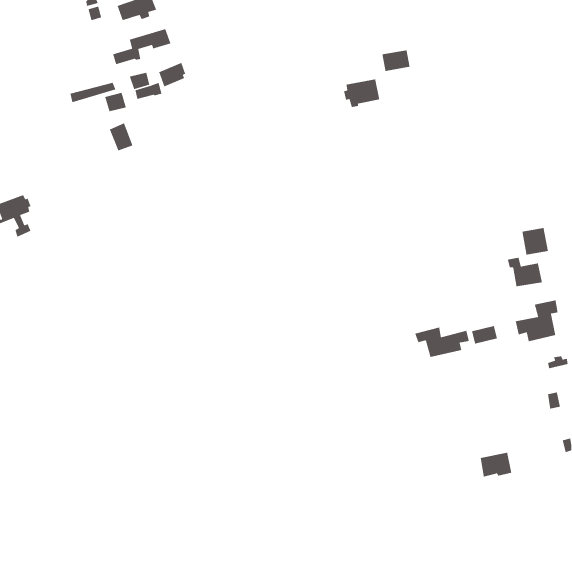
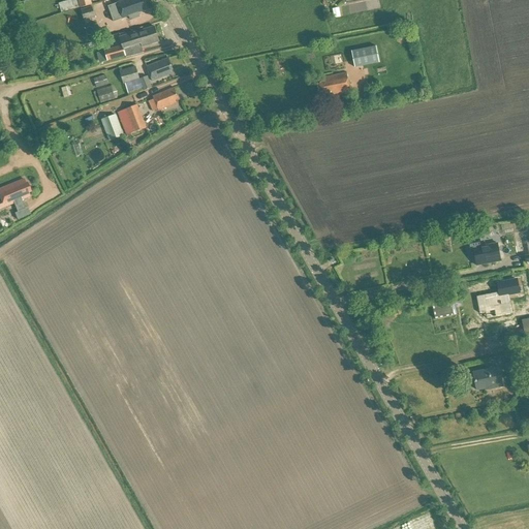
building: none -> [148,87,178,111]
building: none -> [117,103,145,134]
building: [521,227,549,255] -> none
building: [414,326,470,358] -> none
building: [480,452,512,478] -> [472,366,502,390]

